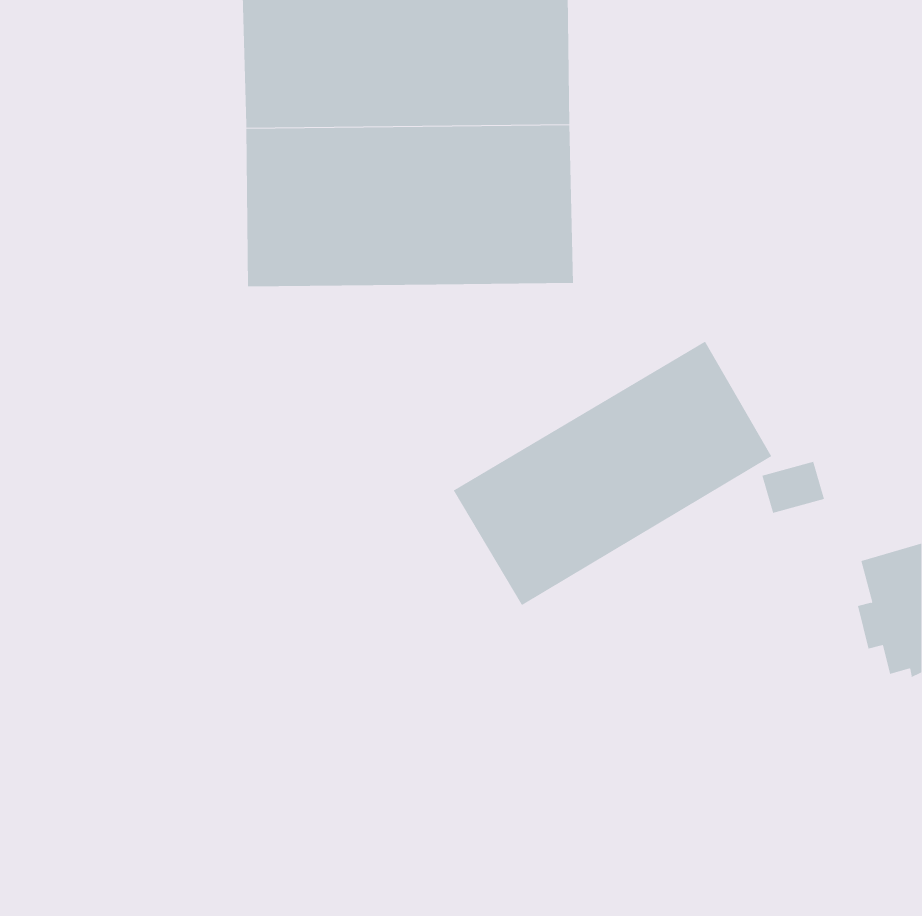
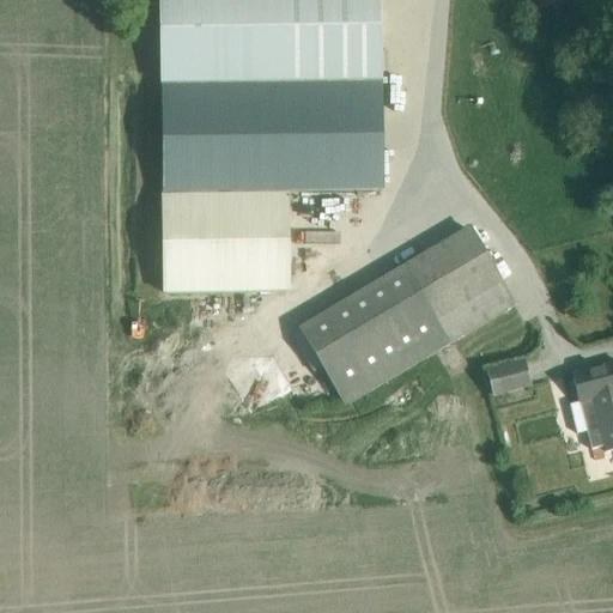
building: none -> [164,189,291,289]
building: [762,461,825,513] -> [486,358,528,393]

